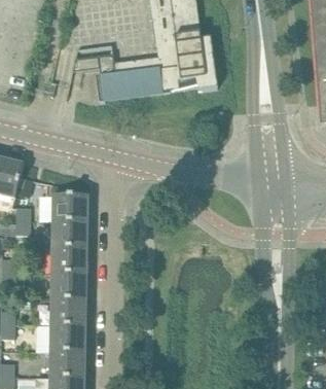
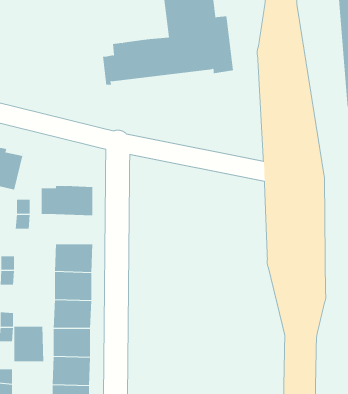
building: [52,220,87,247] -> none
building: none -> [14,326,44,362]

